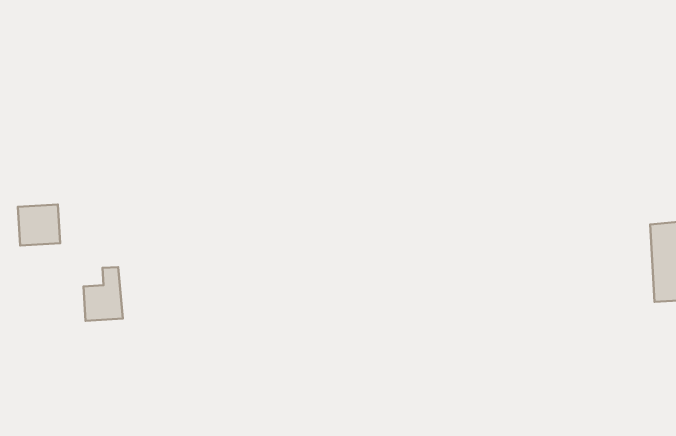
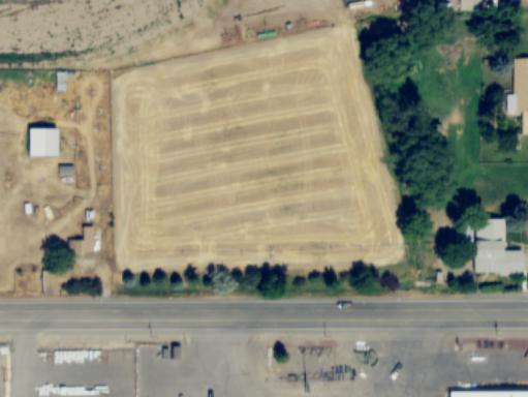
building: [18,204,60,245] -> [29,129,58,157]

